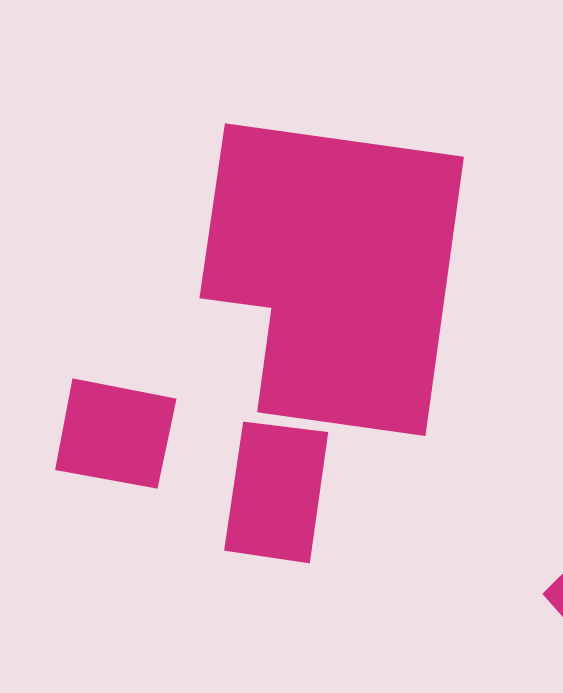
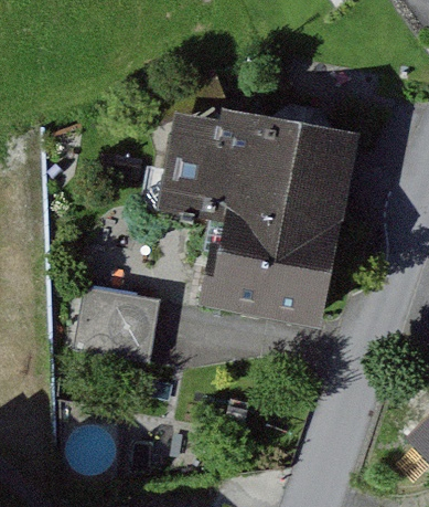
building: [223,421,329,564] -> none

